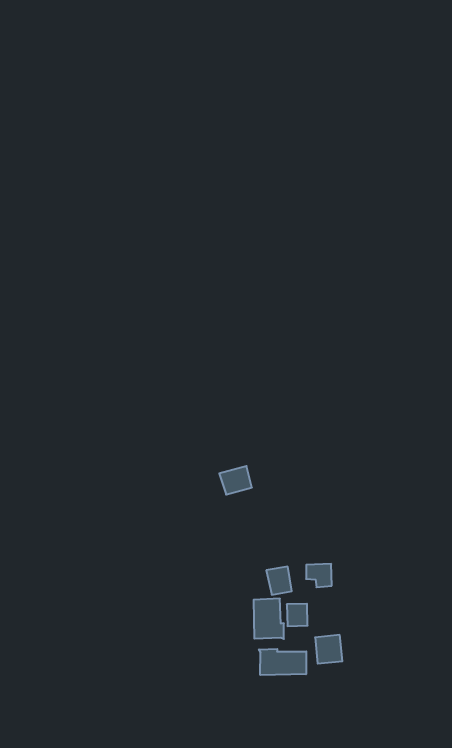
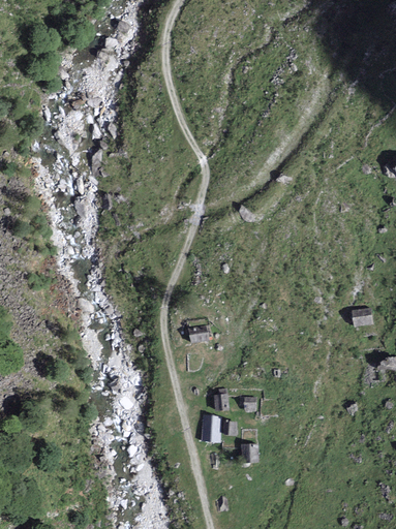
building: [259,649,306,675] -> none

